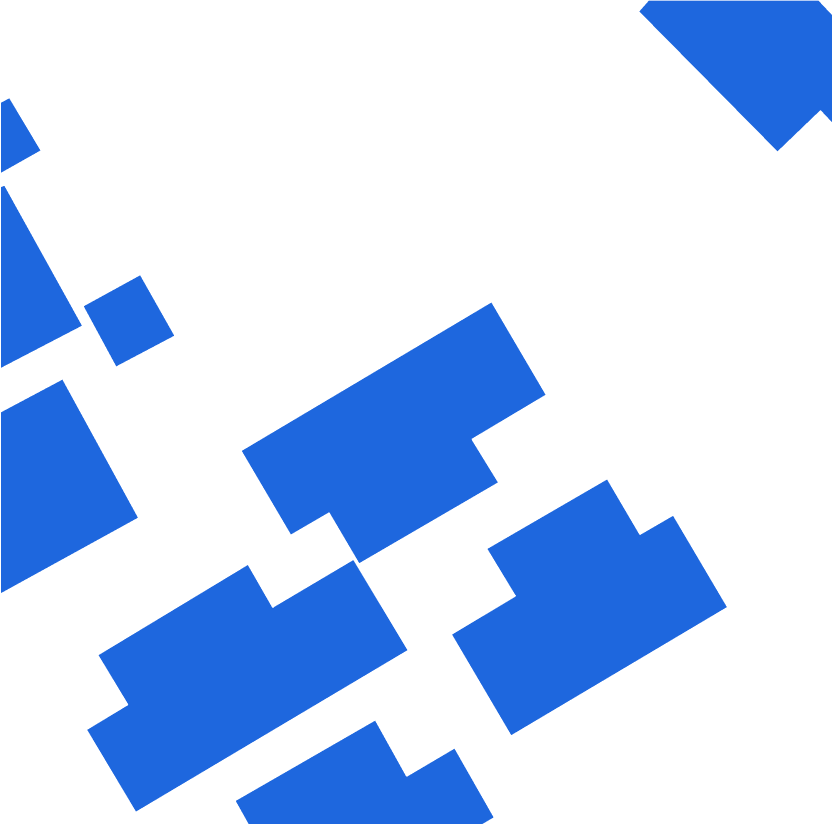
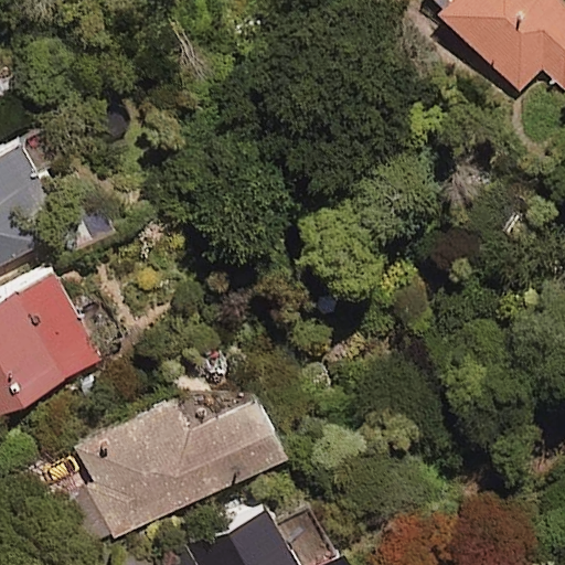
building: [241,302,546,564] -> none
building: [451,478,728,736] -> none

